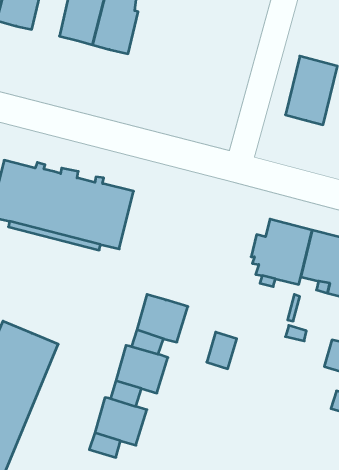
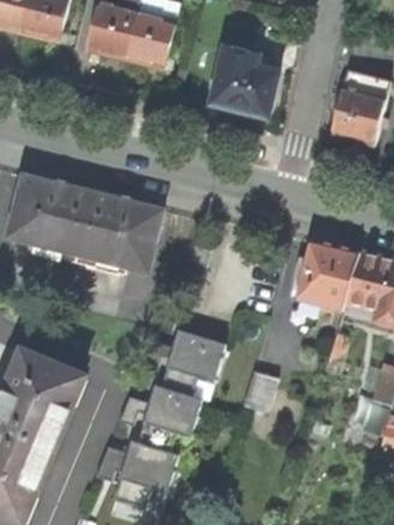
building: none -> [207,18,277,113]

